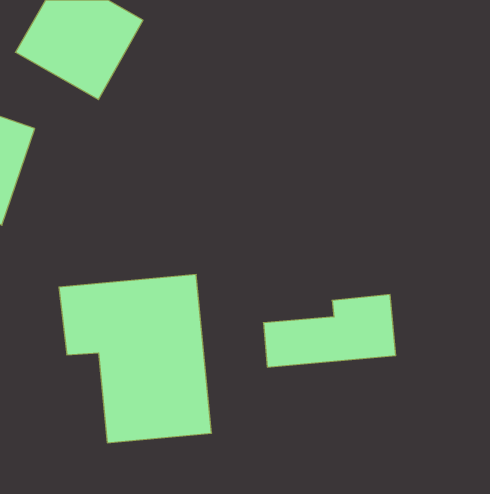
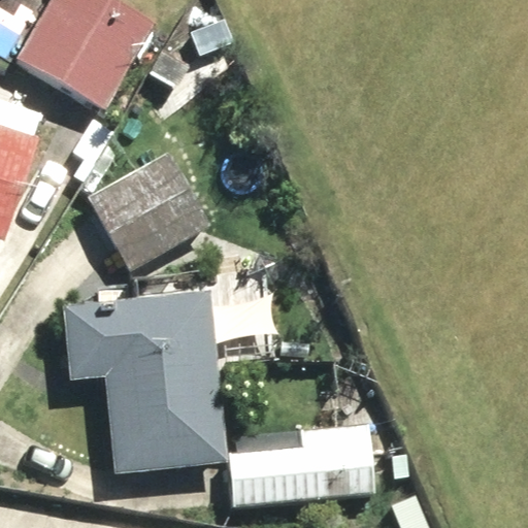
building: none -> [89,134,208,268]
building: [263,295,396,367] -> [232,425,373,502]

